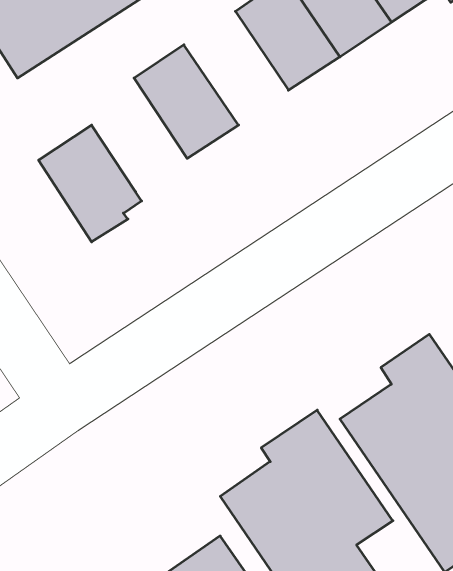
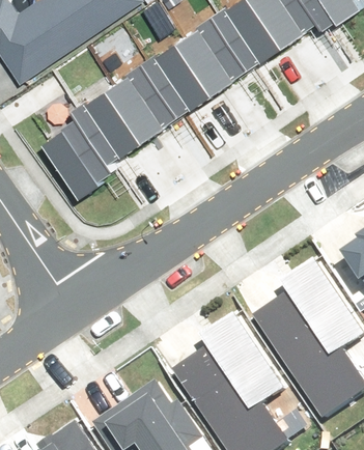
building: none -> [145,35,217,113]
building: none -> [76,81,147,159]

